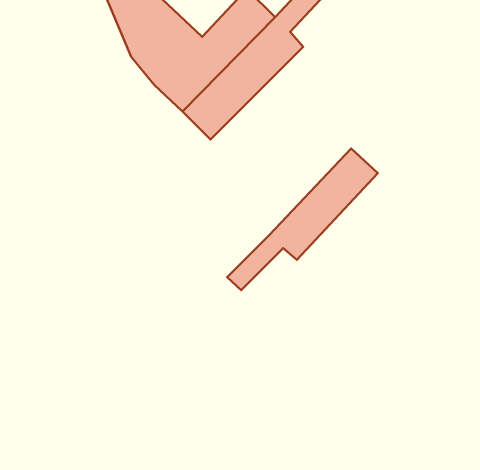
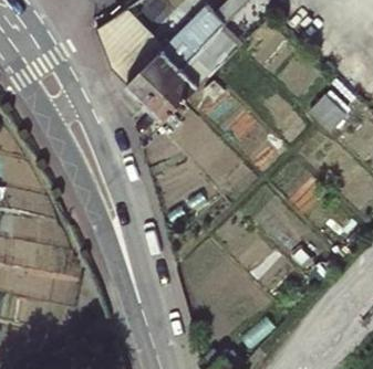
building: [227,148,378,290] -> none

